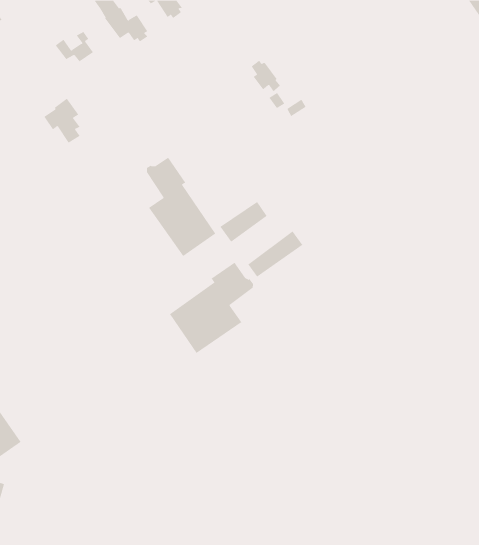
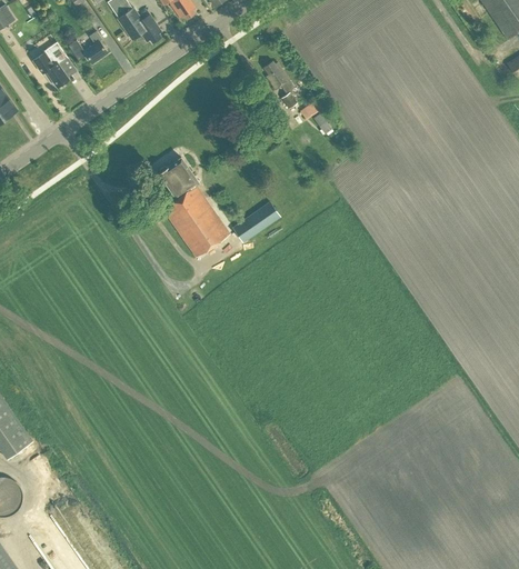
building: [44,98,80,144] -> [32,42,69,88]
building: [247,231,303,277] -> none
building: [169,262,254,354] -> none

